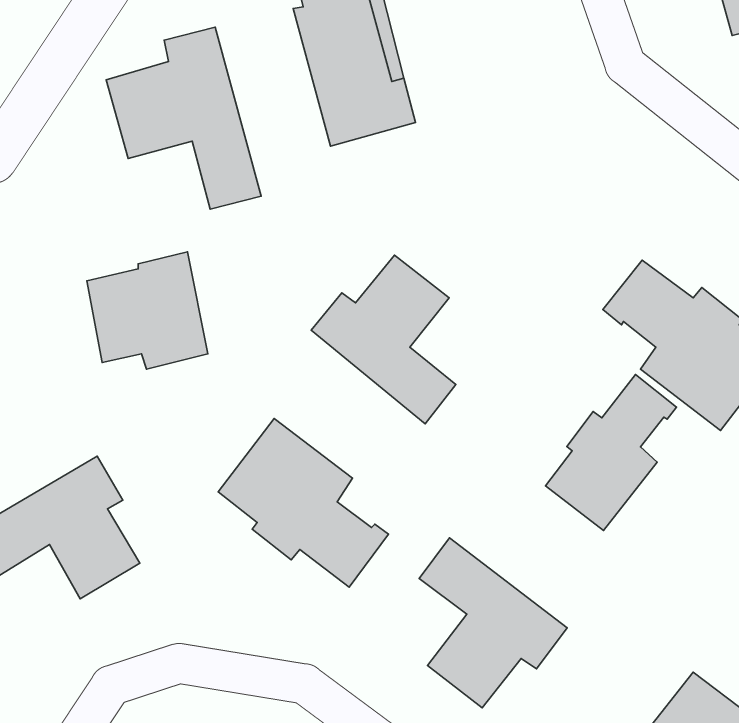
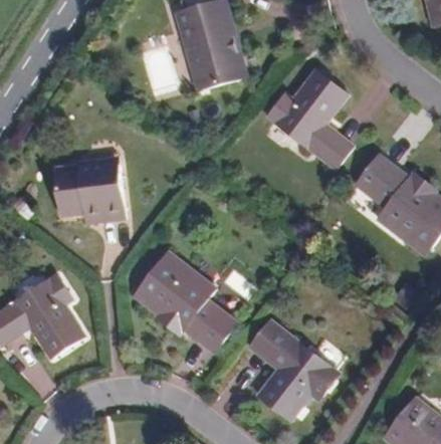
building: [106,27,261,209] -> none
building: [311,255,456,424] -> [265,67,351,167]
building: [546,375,676,531] -> none

